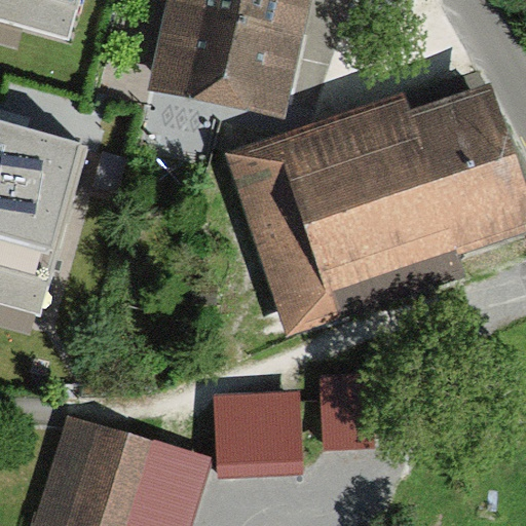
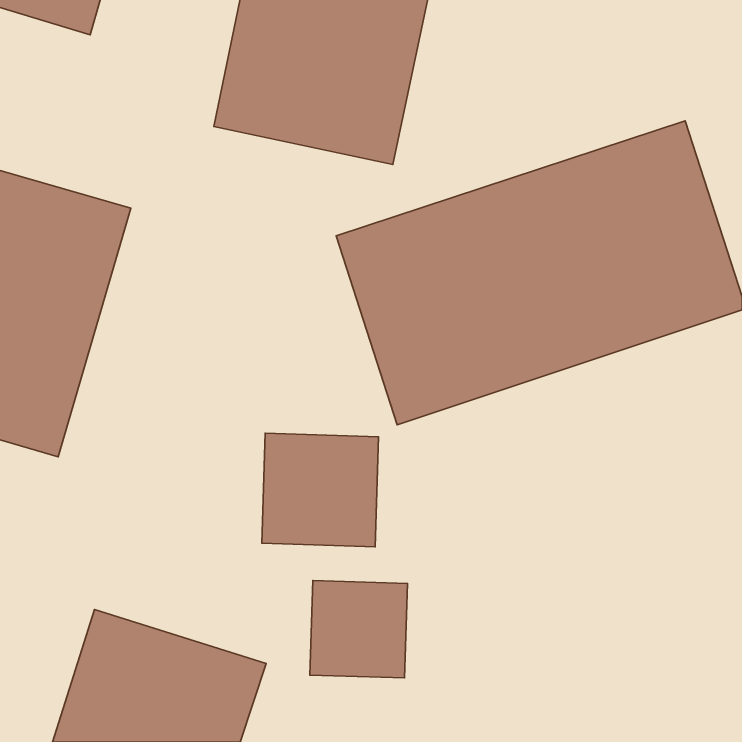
building: none -> [262,433,379,547]

